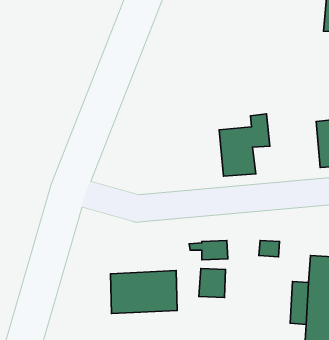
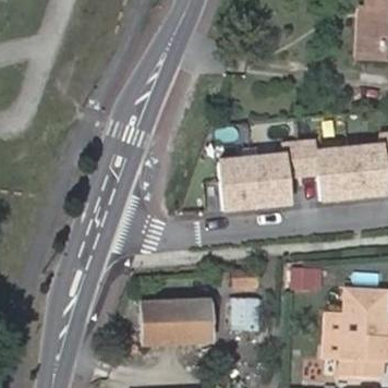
building: none -> [300,141,354,199]
building: none -> [220,158,256,208]

